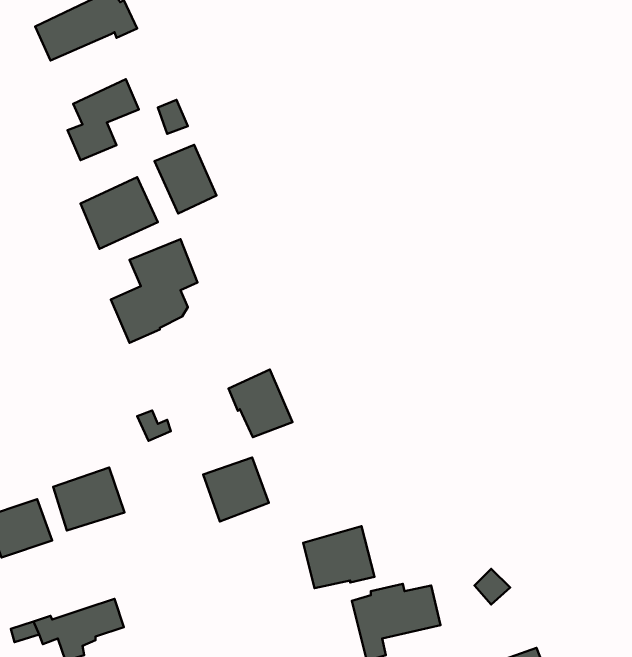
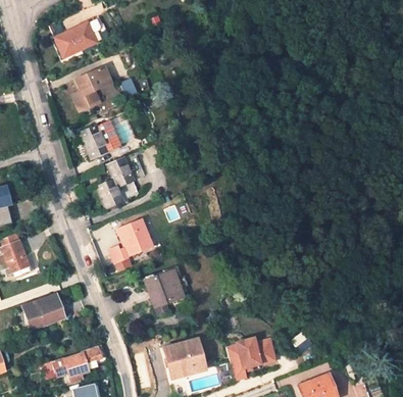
building: [155,145,217,214] -> none
building: [228,370,292,437] -> [117,218,152,255]
building: [53,467,124,531] -> none
building: [303,526,375,588] -> [164,340,203,374]

